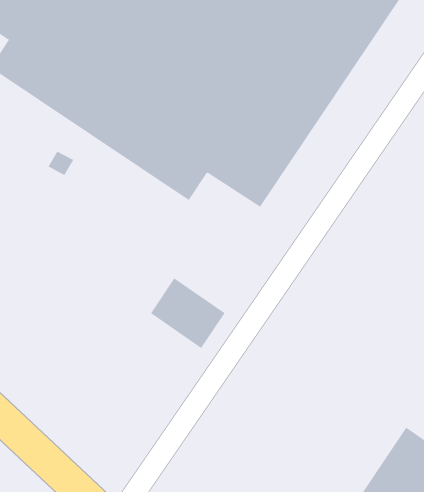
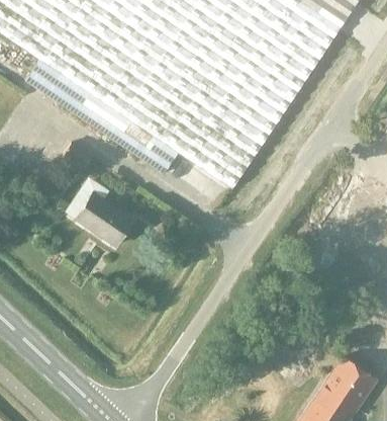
building: [150,277,225,349] -> [78,189,135,244]

